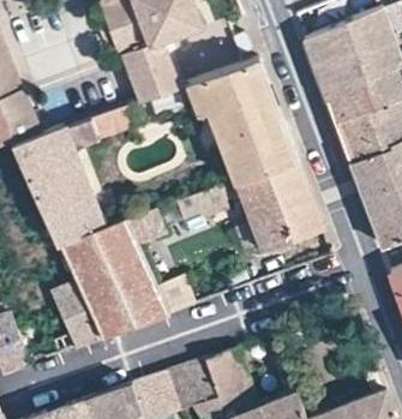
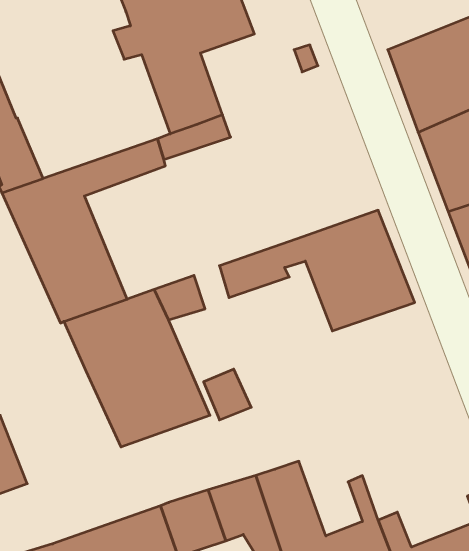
building: [187,59,296,181] -> none
building: [49,281,102,355] -> none

